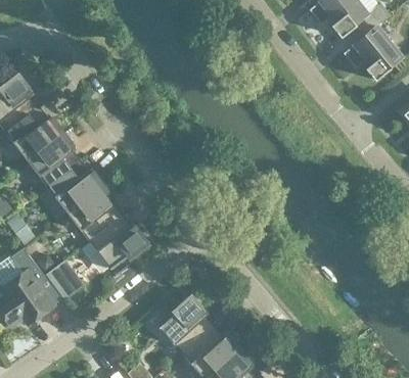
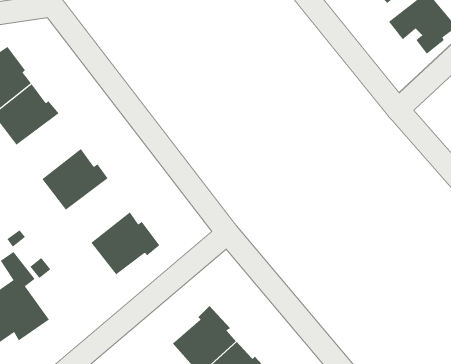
building: [26,131,81,187] -> none
building: [67,186,123,241] -> none
building: [45,259,84,300] -> none

